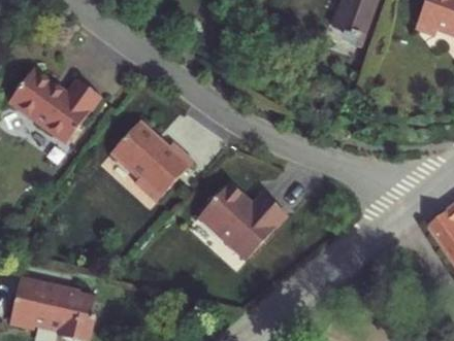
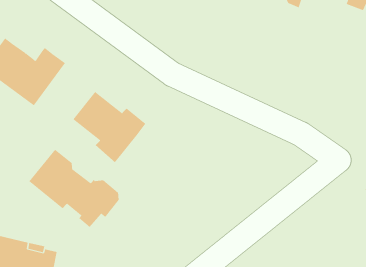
building: none -> [29,149,119,228]
building: [193,187,284,264] -> none

